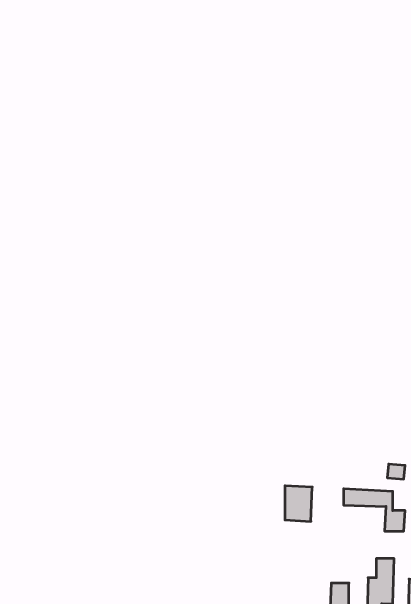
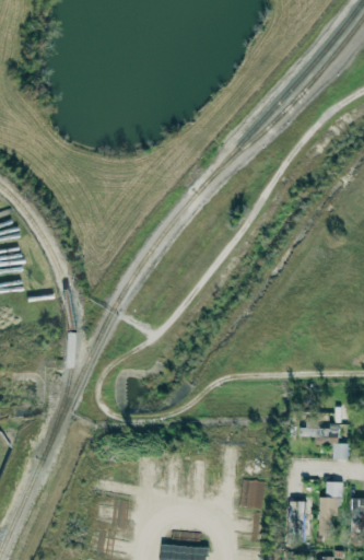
building: [285,486,312,521] -> [240,480,262,509]

